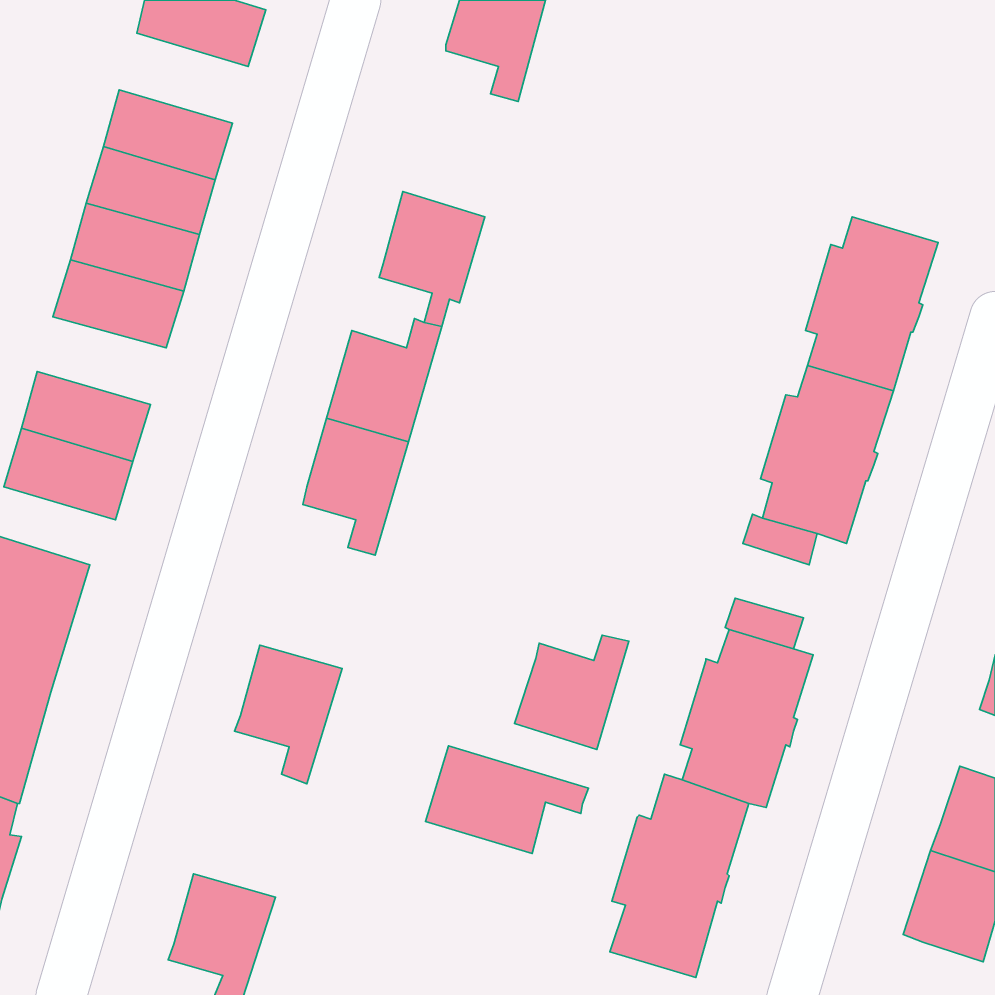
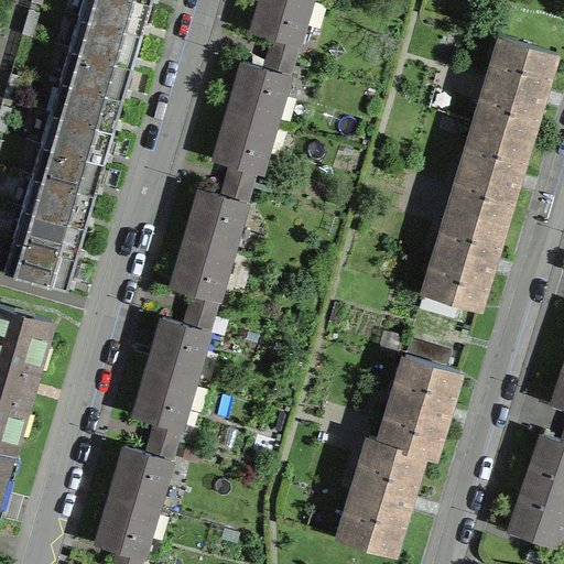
building: none -> [67,21,140,72]
building: none -> [479,39,554,139]
building: none -> [227,55,292,124]
building: none -> [21,181,94,230]
building: none -> [147,311,212,379]
building: [515,635,629,749] -> none
building: [425,746,589,854] -> none
building: none -> [109,438,173,508]

